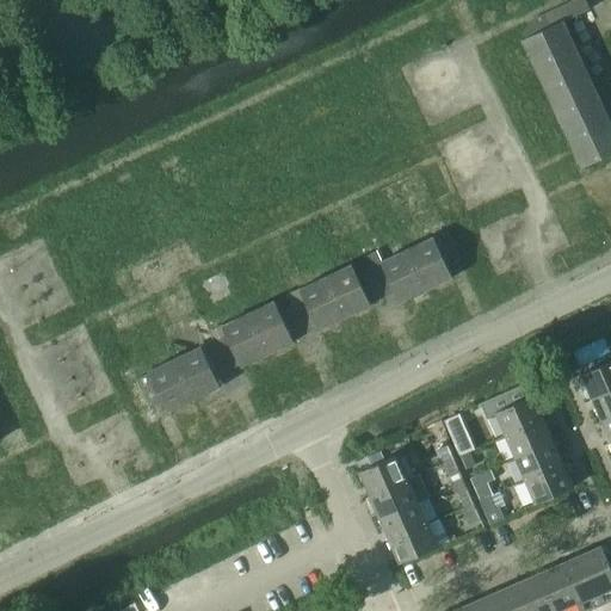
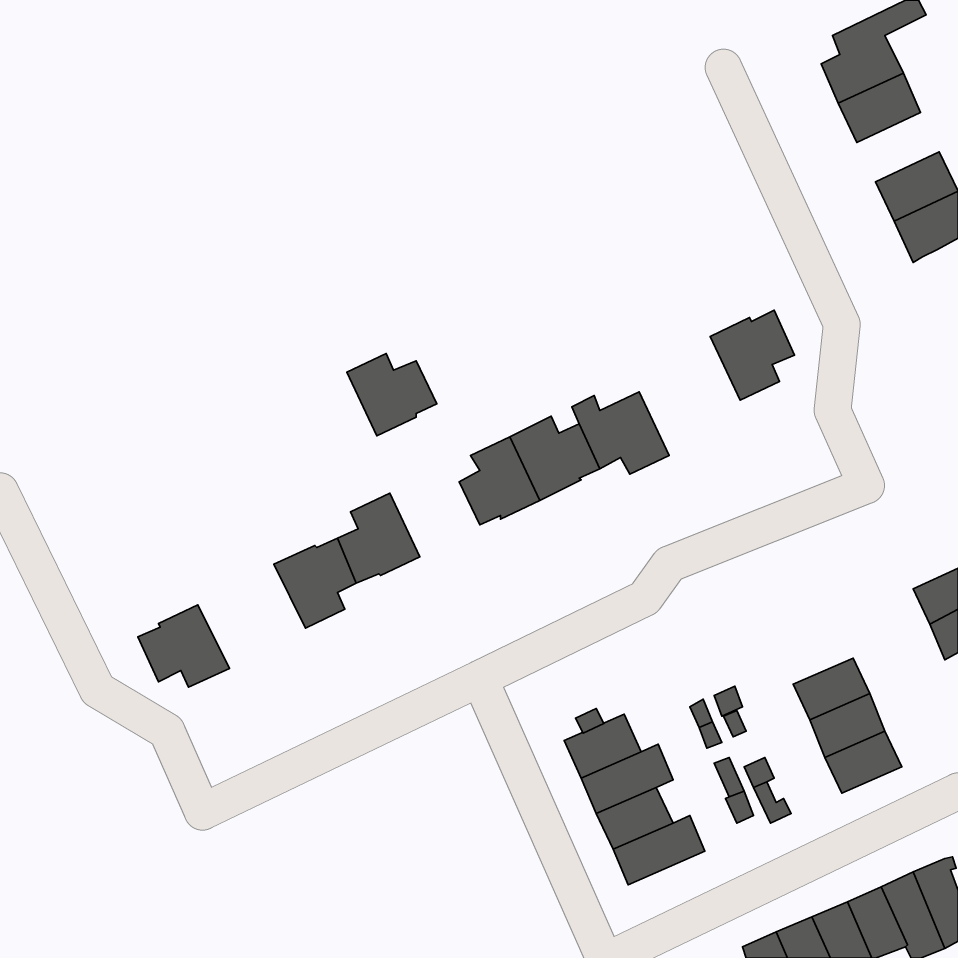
building: [545,72,598,116] -> none
building: [407,233,461,290] -> [710,310,795,400]
building: [248,302,306,354] -> [347,353,437,436]
building: [136,359,195,412] -> [138,605,230,687]
building: [480,384,543,436] -> none

